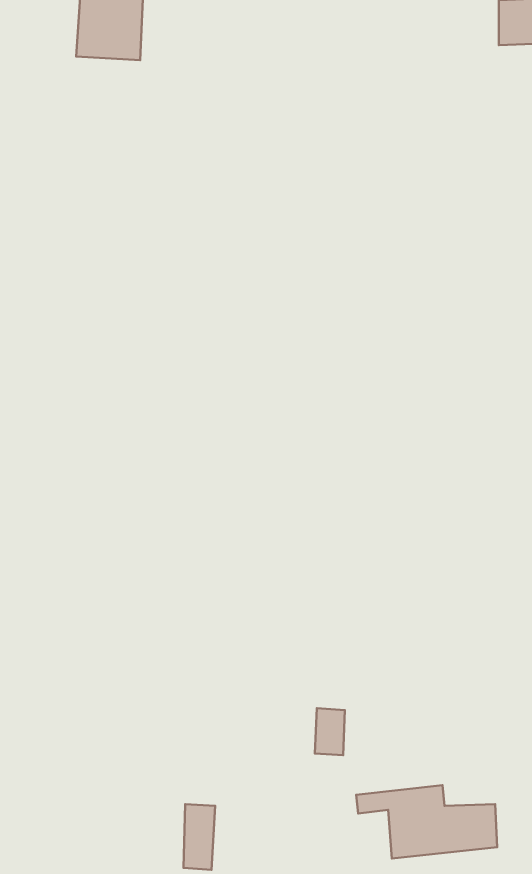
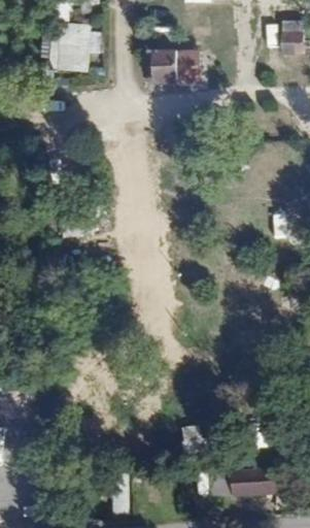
building: none -> [152,47,197,81]

